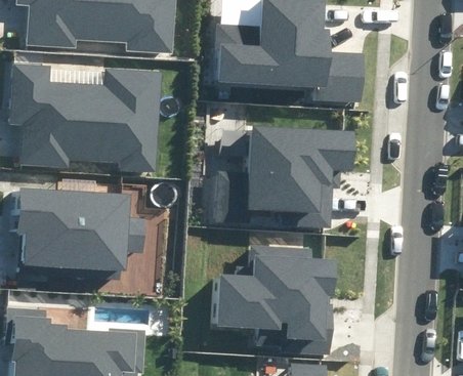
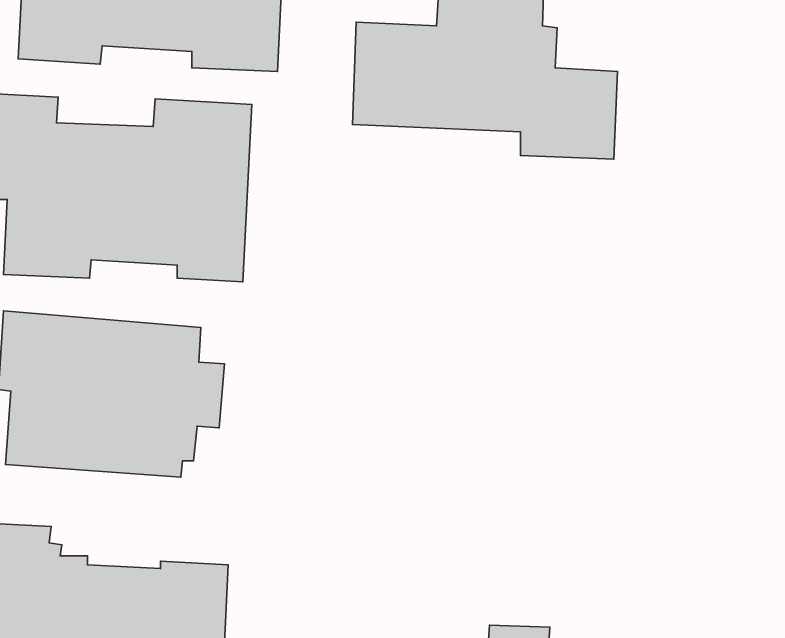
building: [214,126,354,228] -> none
building: [214,245,335,354] -> none

